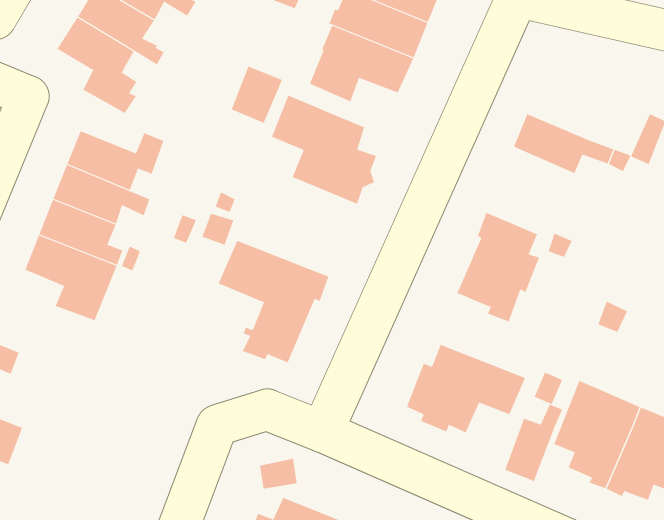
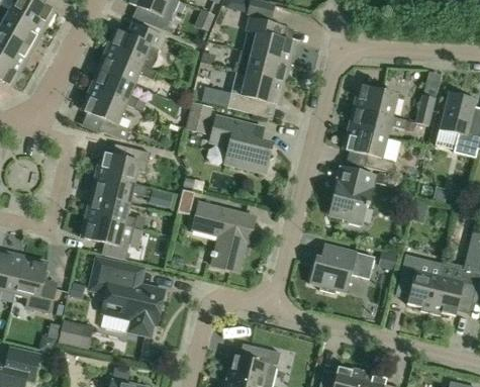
building: none -> [354,84,397,115]
building: none -> [343,125,394,172]
building: none -> [89,256,164,334]
building: [504,404,563,482] -> none

